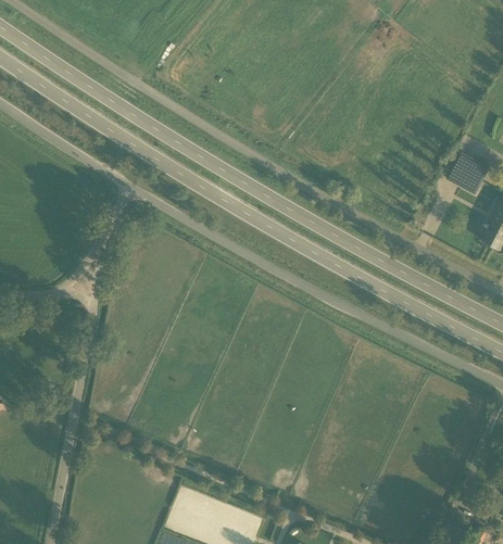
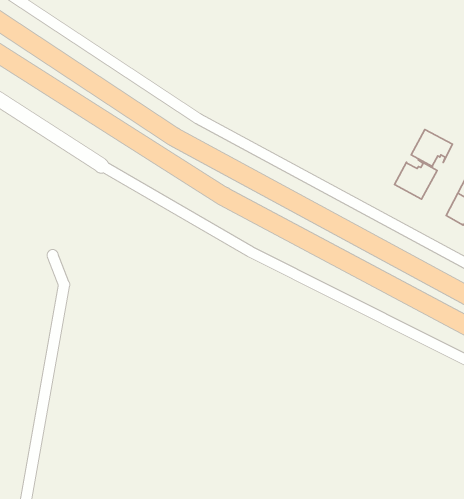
building: none -> [394,160,437,199]

